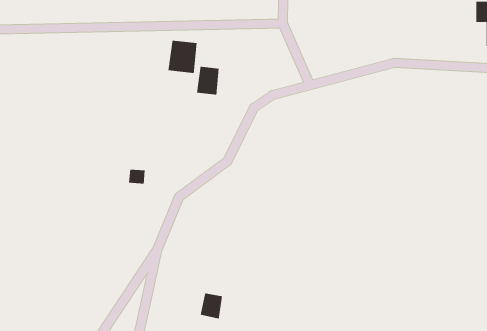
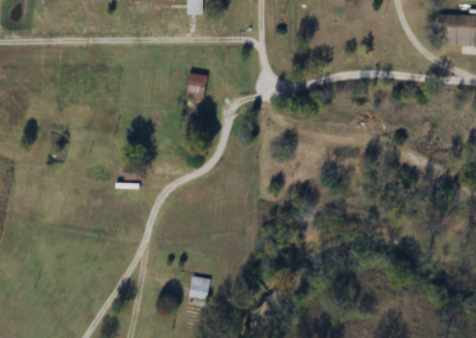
building: [168,40,197,74] -> none

